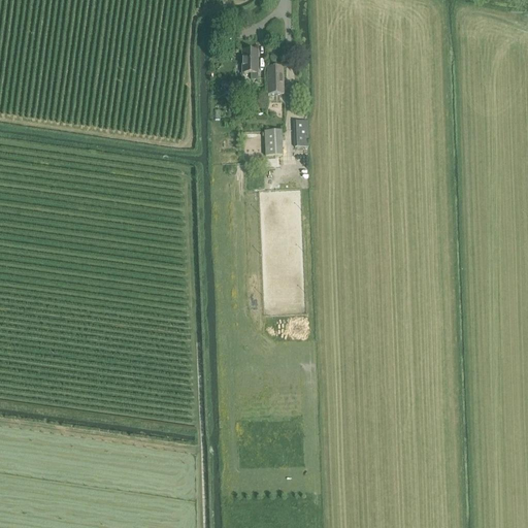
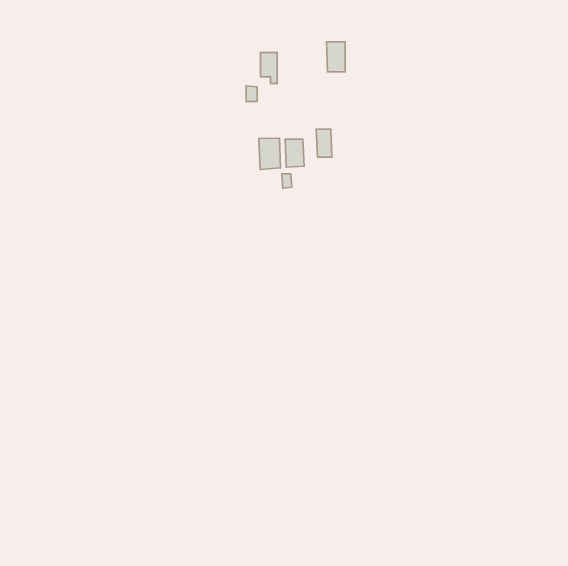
building: [265,65,283,93] -> [326,42,345,72]
building: none -> [259,138,281,169]

